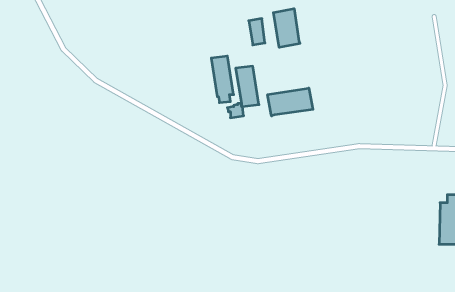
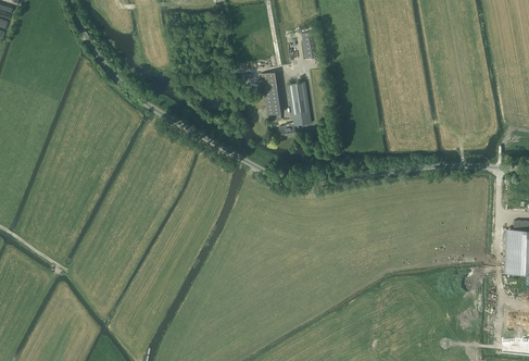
building: [273,9,300,47] -> none
building: [268,88,313,116] -> none

